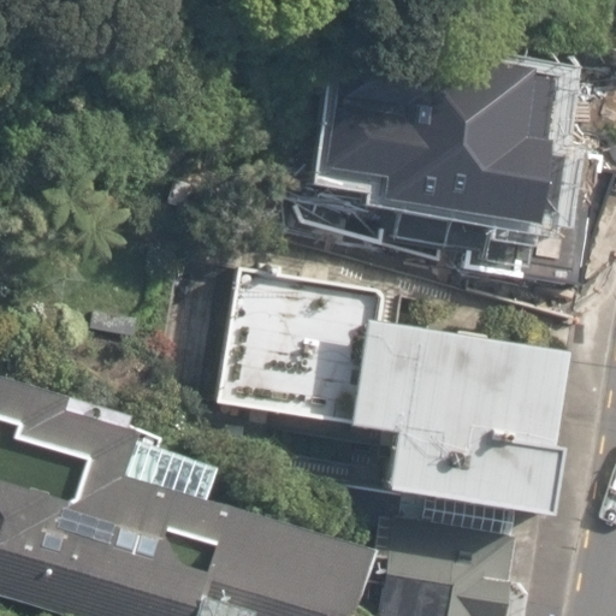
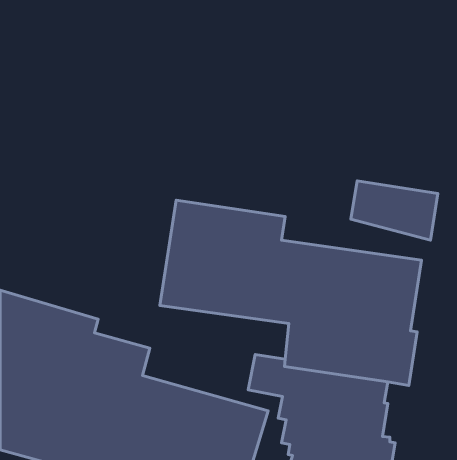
building: [326,42,539,223] -> none

